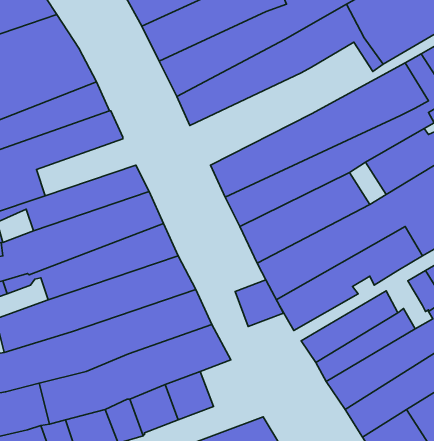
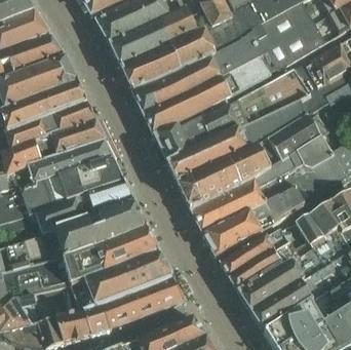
building: none -> [143,52,271,132]
building: none -> [35,120,105,160]
building: [235,280,283,327] -> [150,275,184,308]

